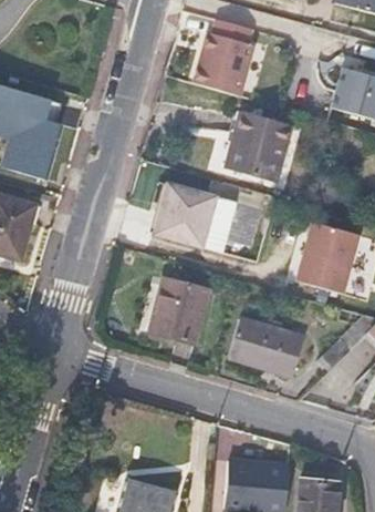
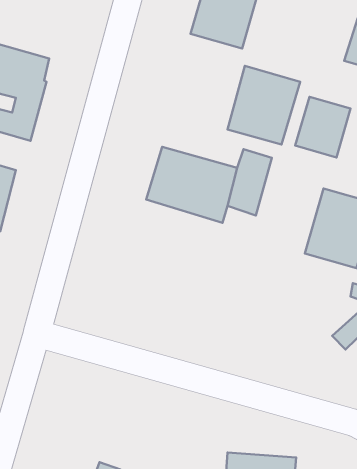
building: none -> [295,97,351,157]
building: [149,277,209,344] -> none
building: [231,318,304,375] -> none

